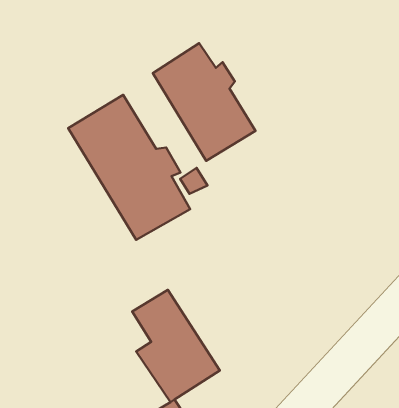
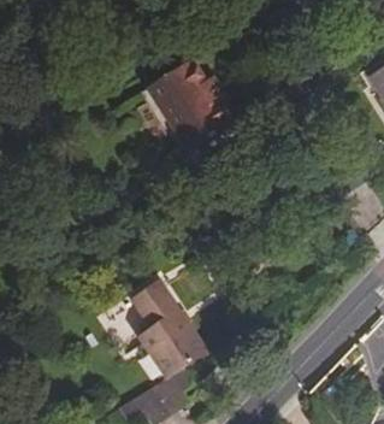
building: [68,95,190,240] -> none

